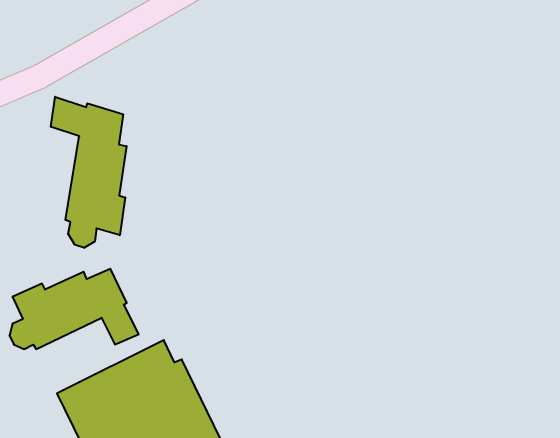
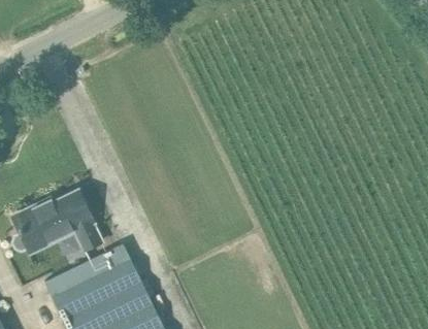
building: [51,97,127,248] -> none

